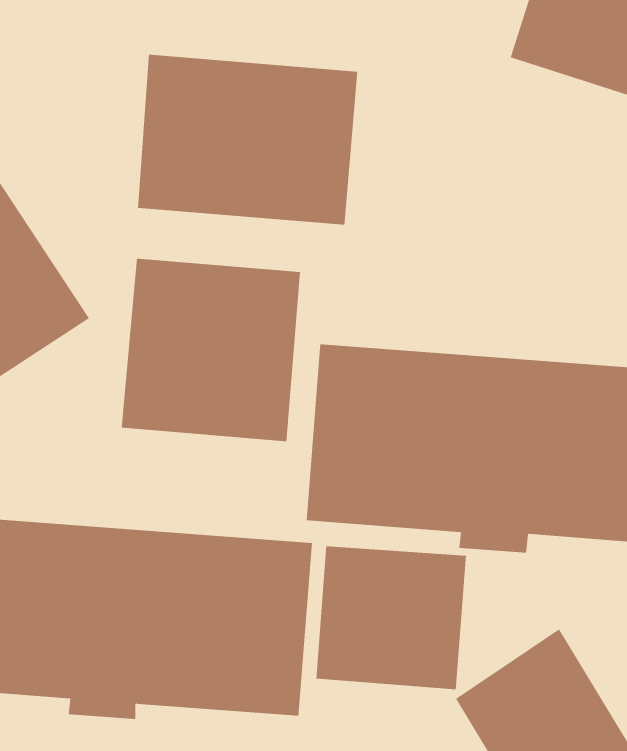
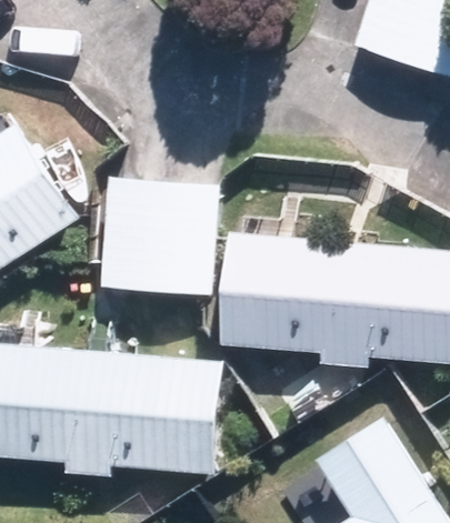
building: [138,54,358,225] -> none
building: [316,546,467,690] -> none

